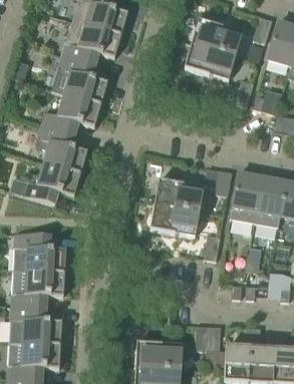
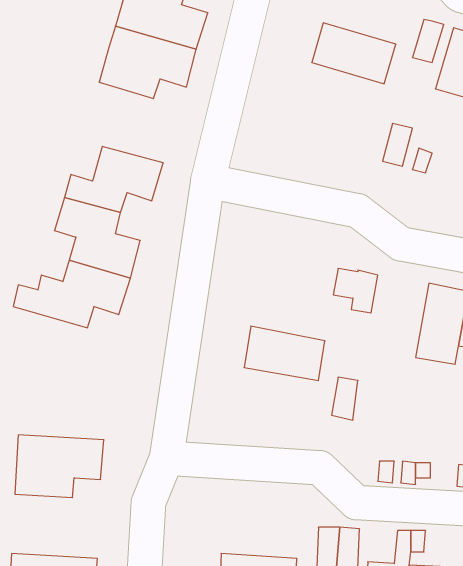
building: [185,42,236,79] -> none
building: [58,54,107,103] -> none
building: [231,172,263,222] -> none
building: [155,178,205,212] -> none
building: [13,233,66,272] -> none
building: [9,305,62,344] -> none

